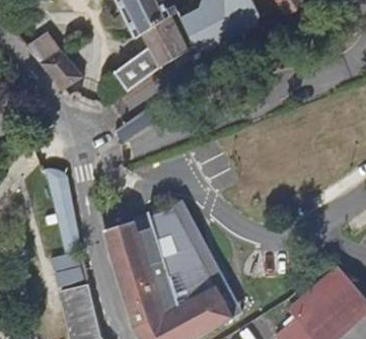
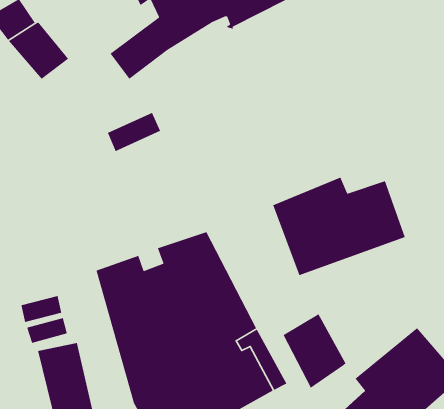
building: none -> [272,177,406,276]
building: [43,163,80,249] -> none
building: none -> [283,313,347,389]

